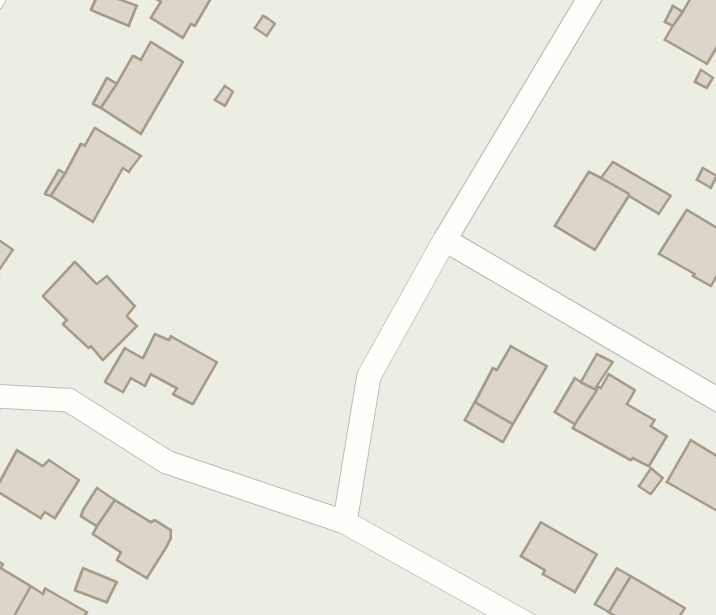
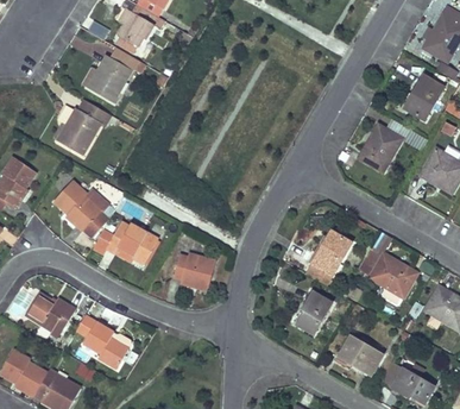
building: none -> [405,75,443,120]
building: none -> [174,254,215,290]
building: none -> [297,290,330,334]

